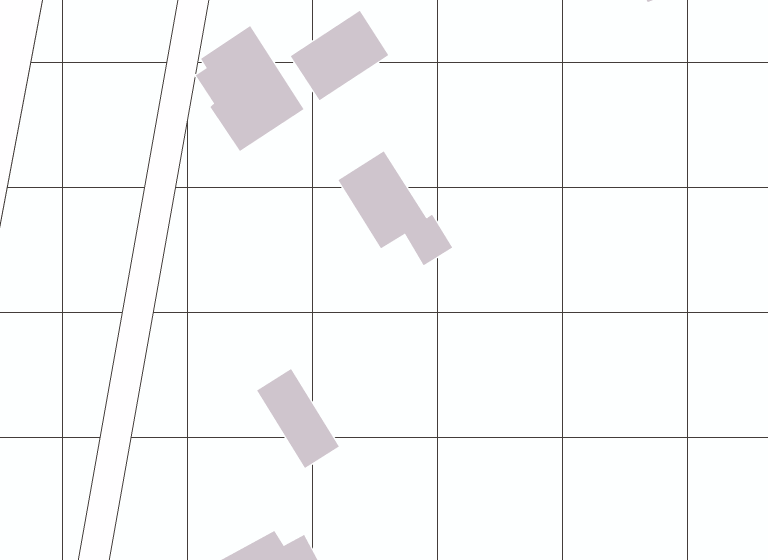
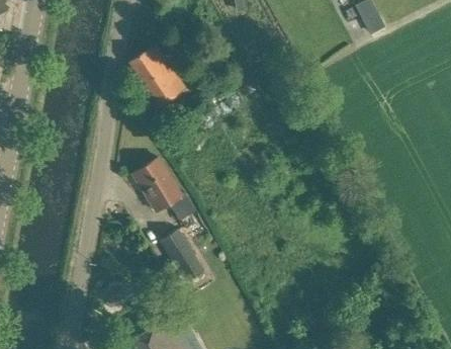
building: [290,10,389,101] -> none
building: [338,150,453,266] -> [132,158,195,221]

